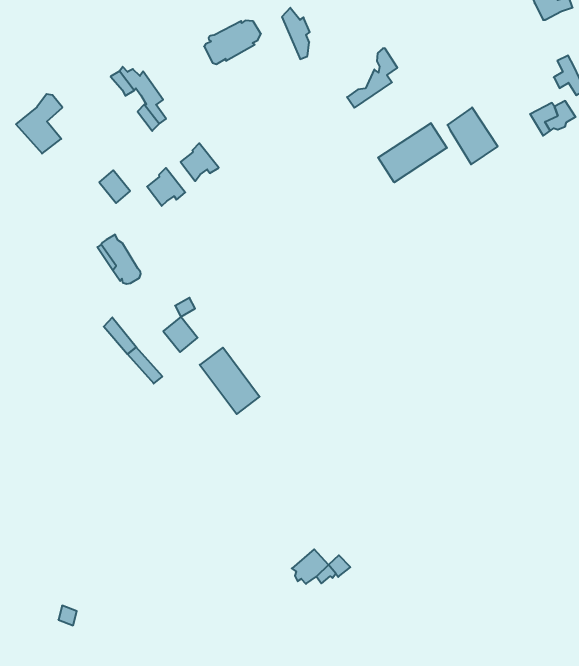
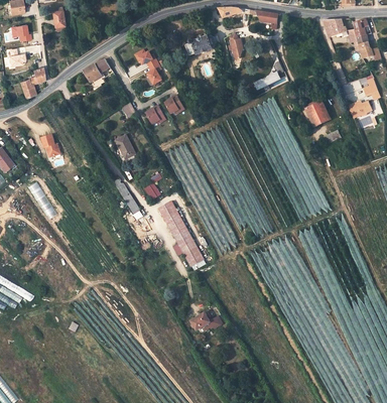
building: [378,123,447,182] -> none
building: none -> [174,230,203,266]

